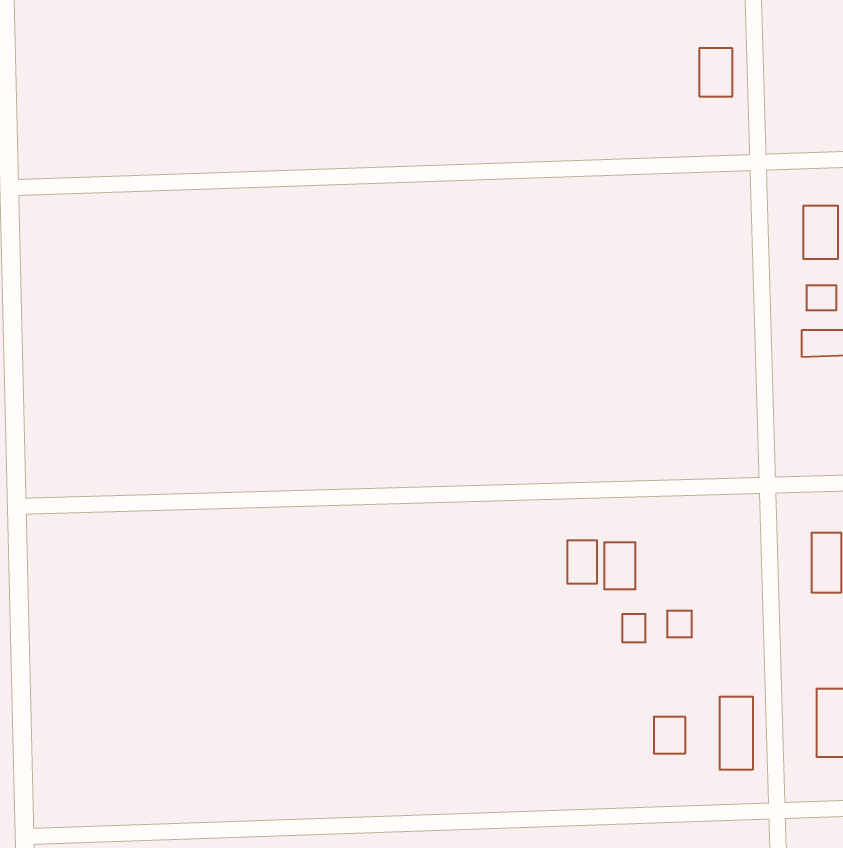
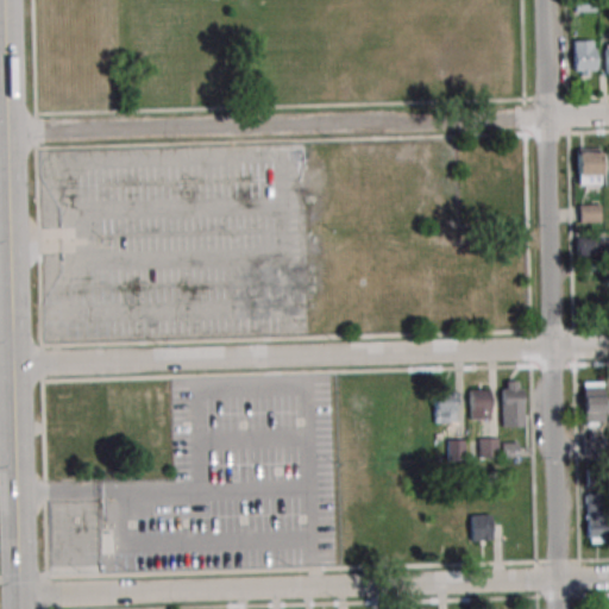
building: [699,48,732,96] -> [576,40,599,75]
building: none -> [504,382,526,426]
building: [567,540,597,584] -> [472,389,494,420]
building: [720,697,753,770] -> none

